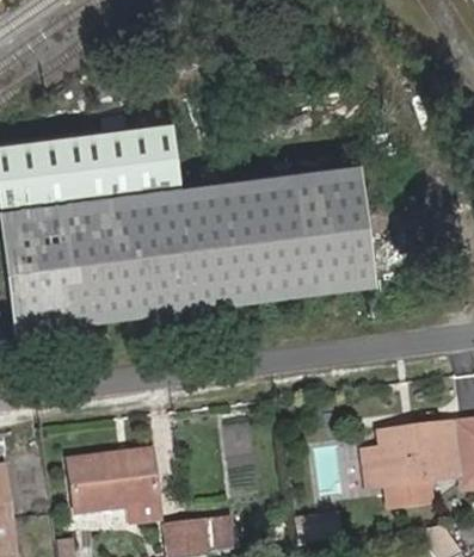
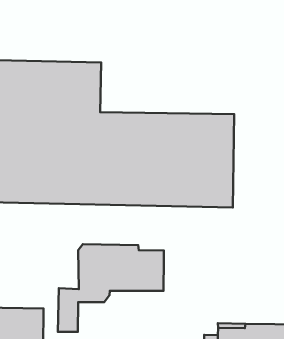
building: none -> [58,244,164,332]

